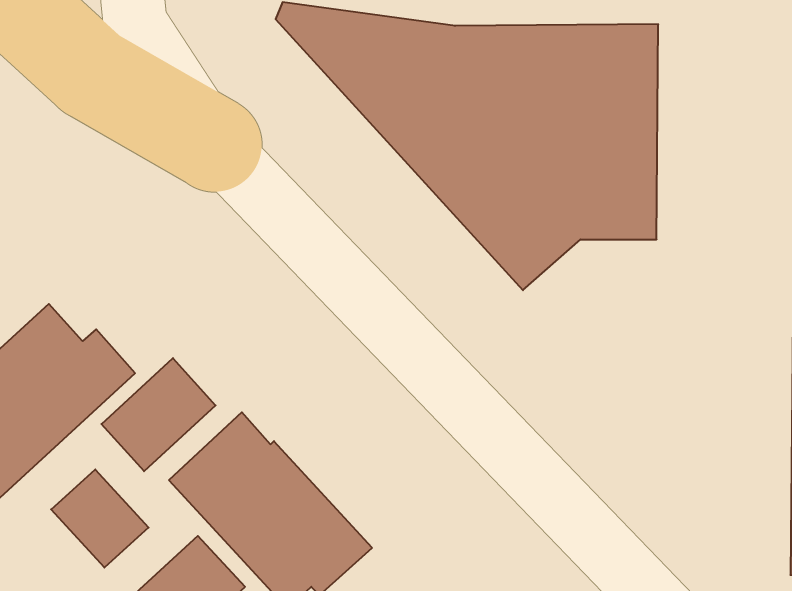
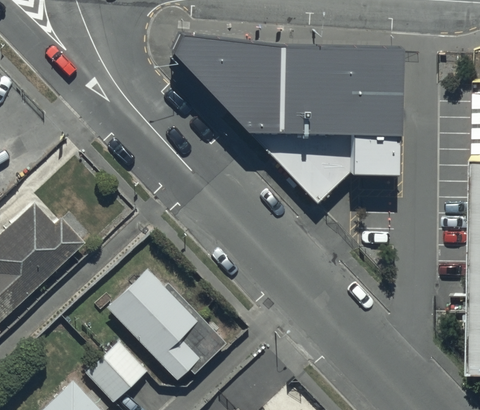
building: [101,358,216,471] -> none
building: [51,469,149,568] -> none

